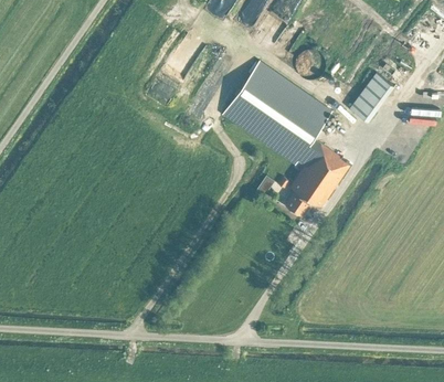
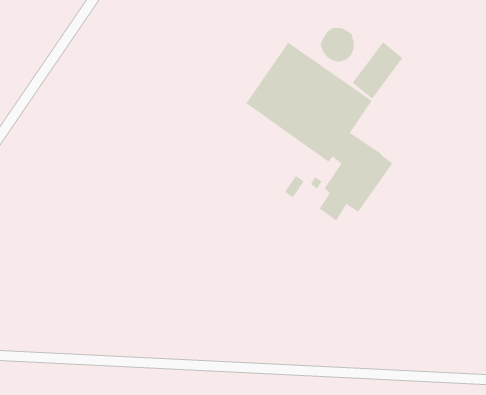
building: [349,72,393,121] -> [352,42,403,99]

